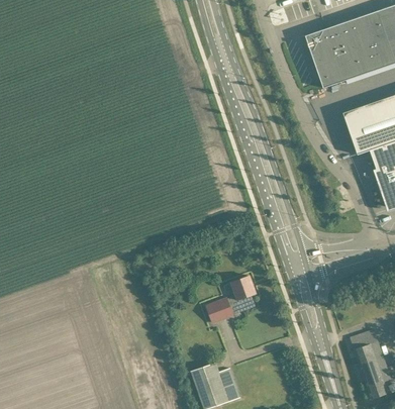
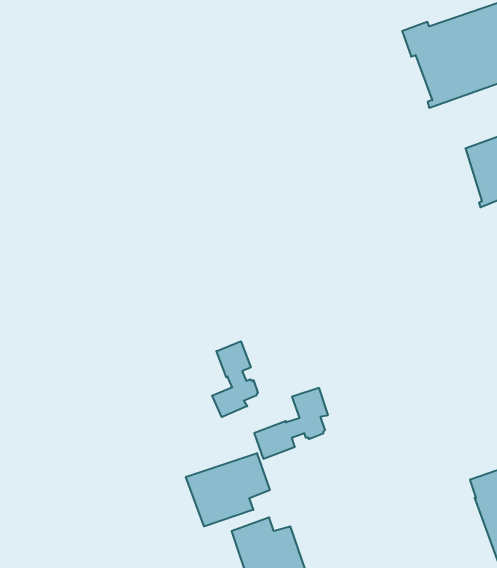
building: none -> [212,341,258,417]
building: none -> [186,453,270,526]

